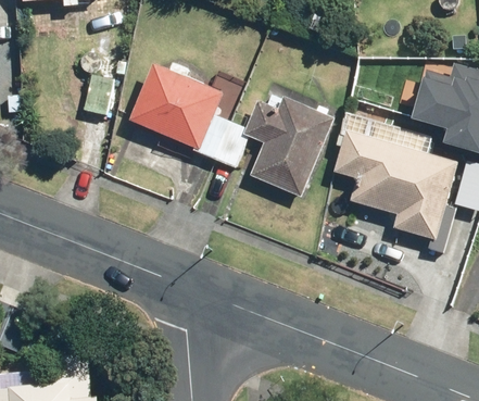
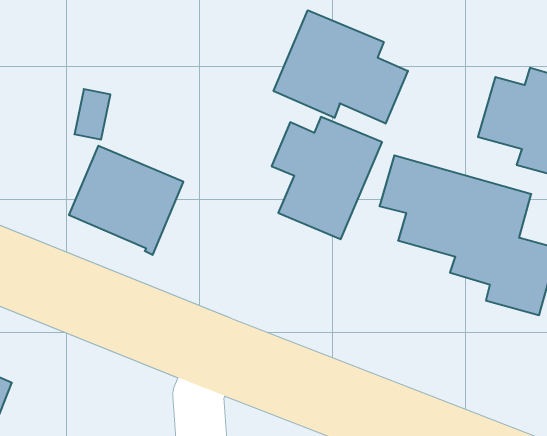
building: none -> [274,10,408,124]
building: [128,65,222,154] -> [69,146,183,255]

